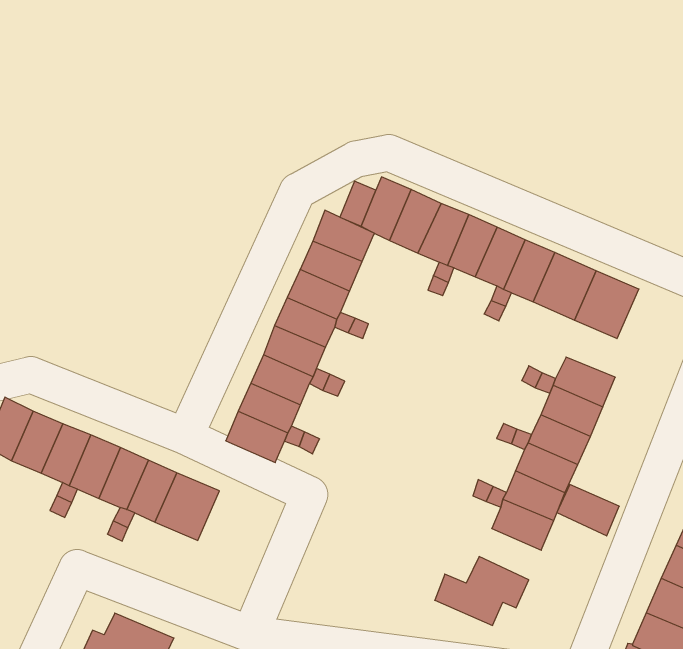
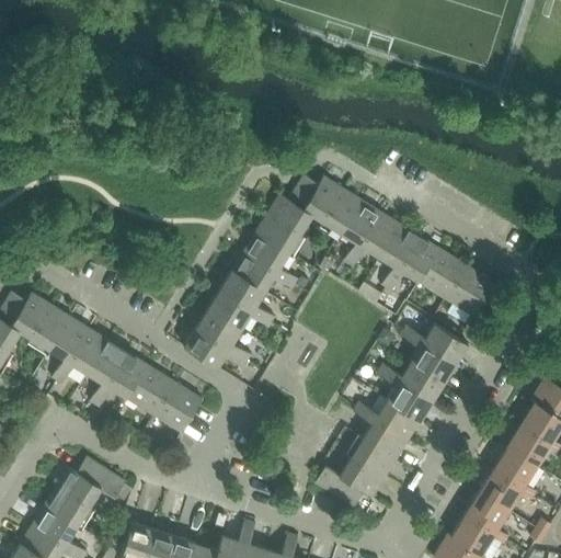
building: [557,485,619,536] -> [352,437,397,478]
building: none -> [153,382,203,432]

